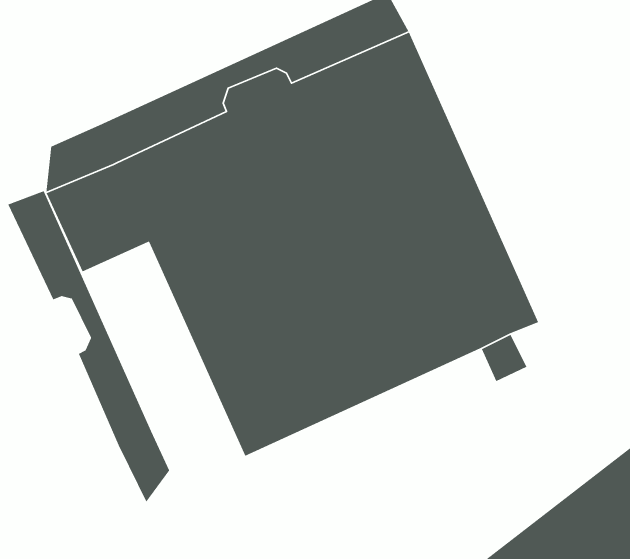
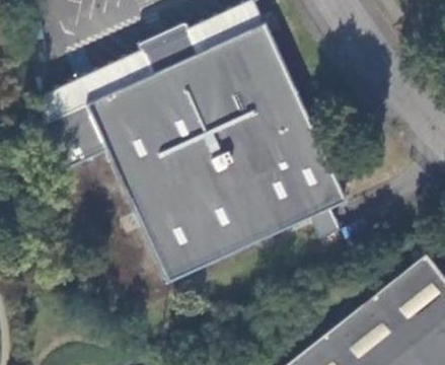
building: [7,190,170,503] -> none

